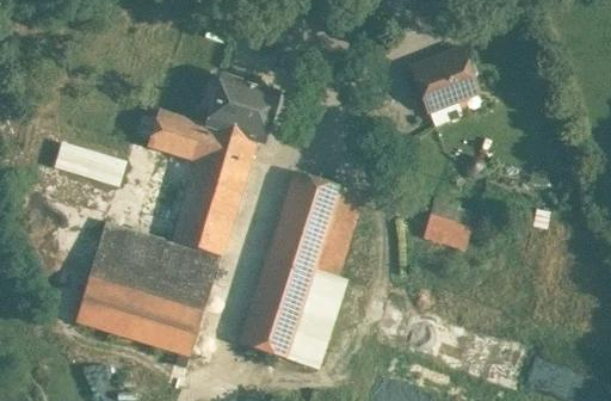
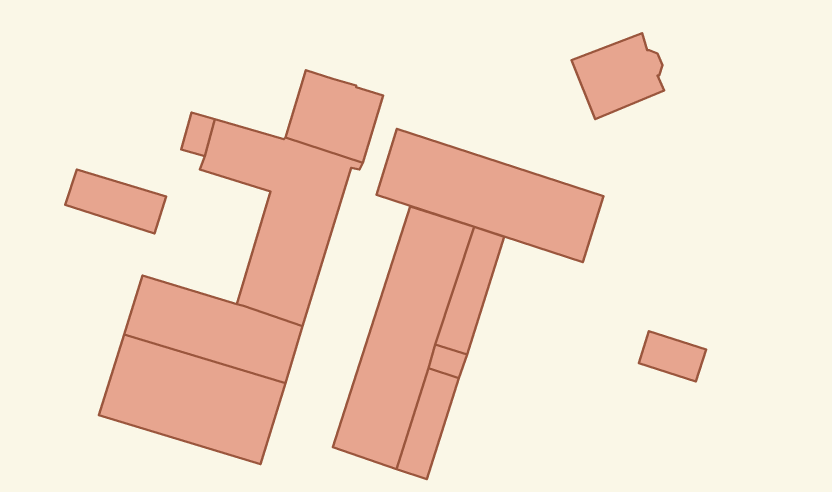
building: none -> [376,129,603,262]
building: [422,214,470,249] -> [639,331,706,382]

